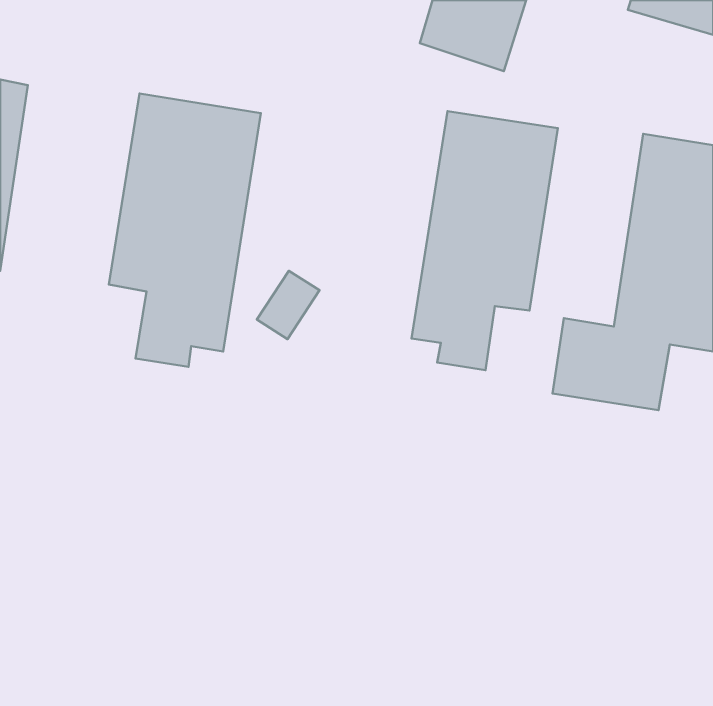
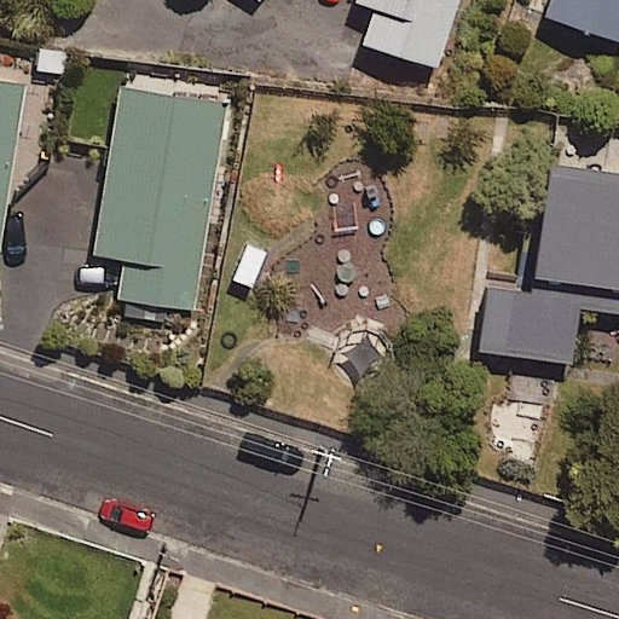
building: [411,111,558,370] -> none

